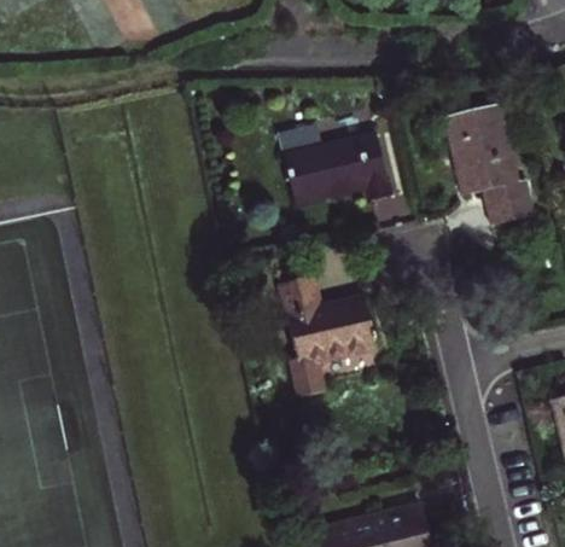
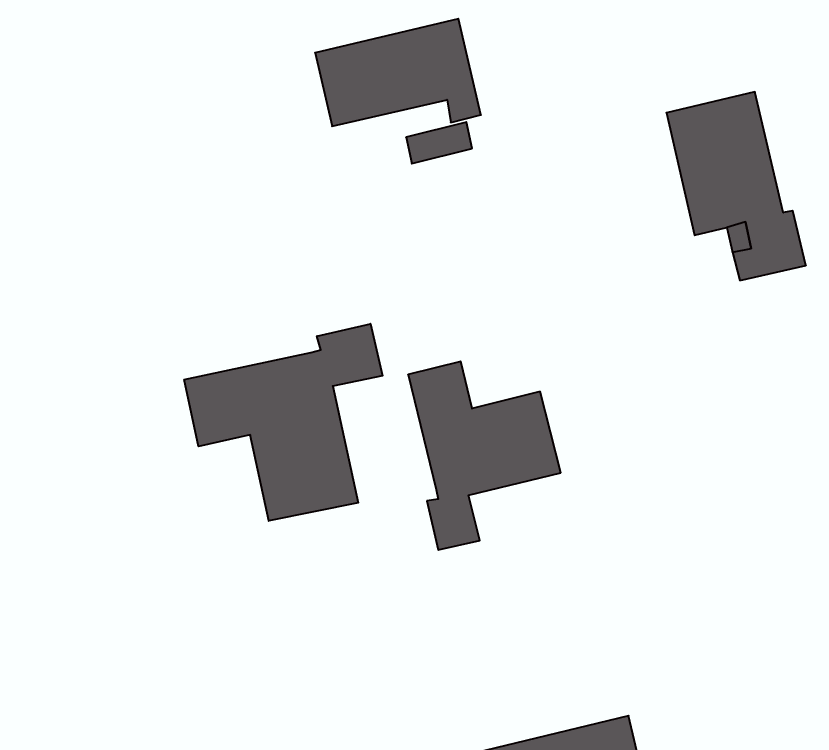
building: [285,134,391,203] -> [315,19,481,126]
building: none -> [184,324,383,521]

